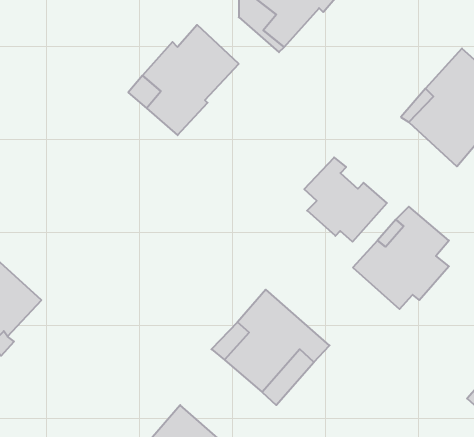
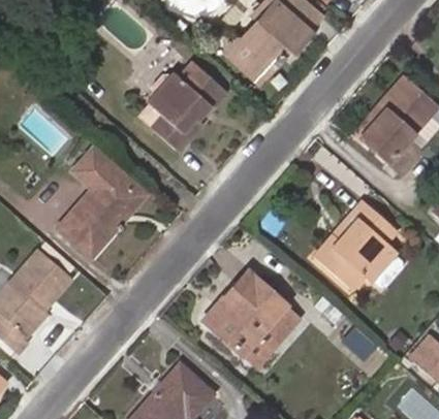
building: none -> [59,146,139,256]
building: [304,157,387,242] -> none

